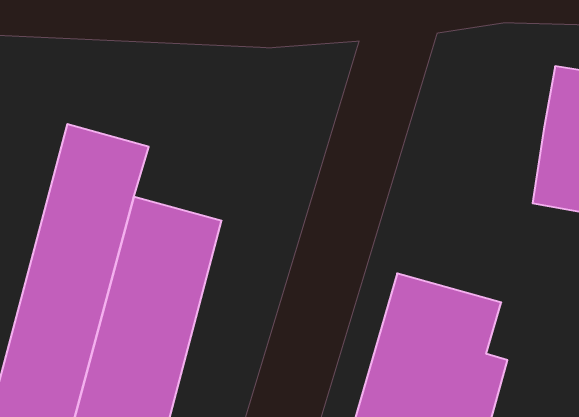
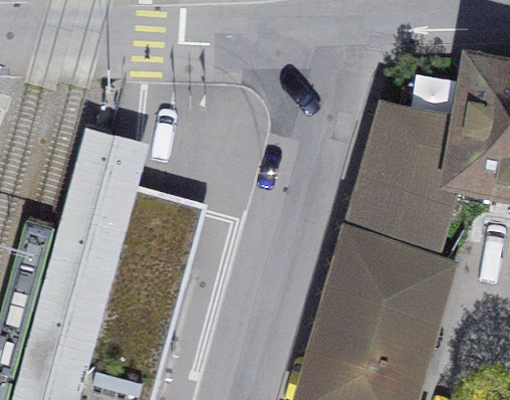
building: none -> [347,116,466,269]

